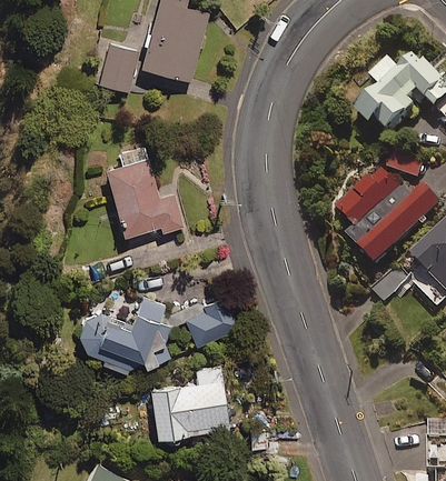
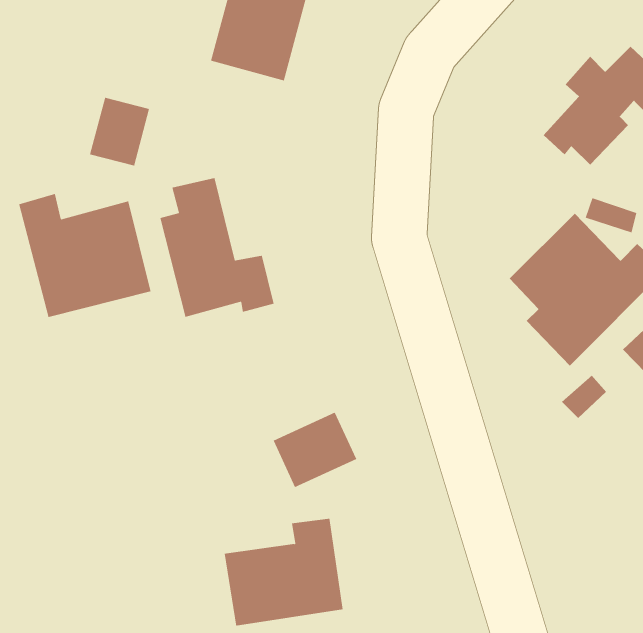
building: [98,44,138,90] -> [89,97,150,166]
building: none -> [19,193,151,318]
building: [78,297,178,370] -> none

